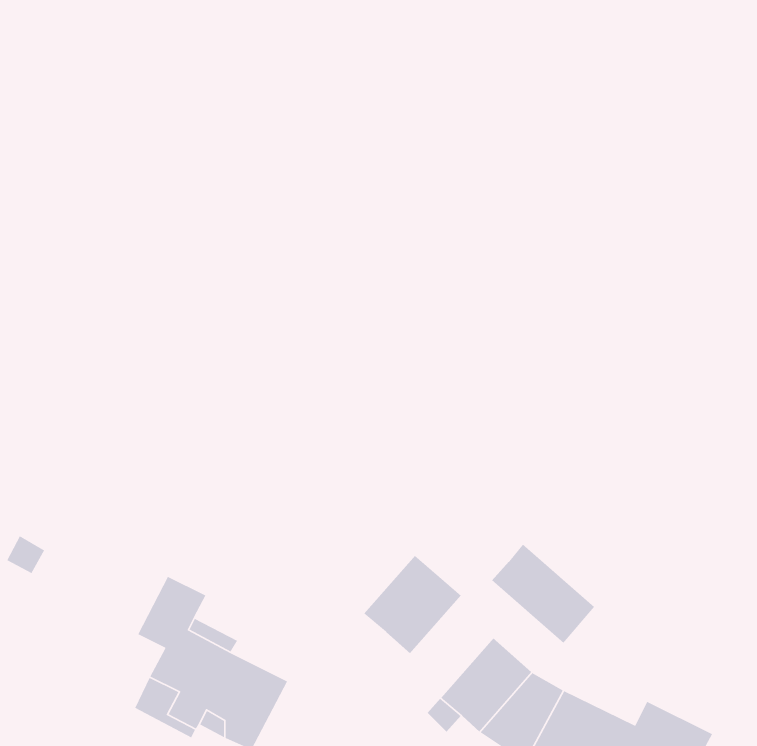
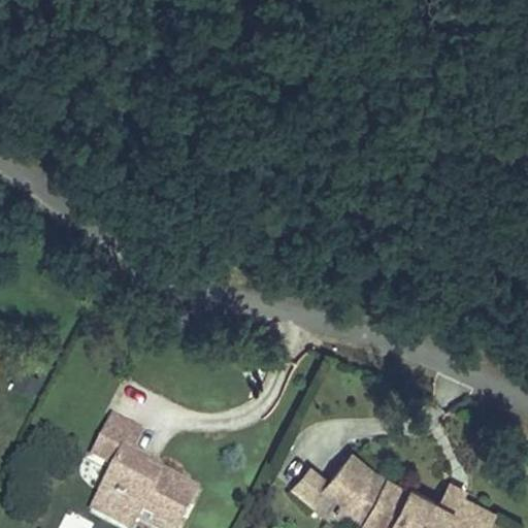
building: [491,544,595,644] -> none
building: [363,555,462,654] -> none

